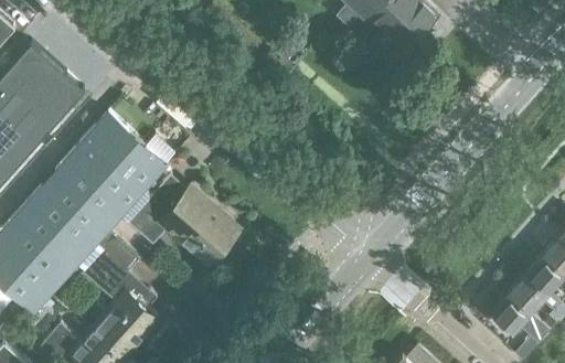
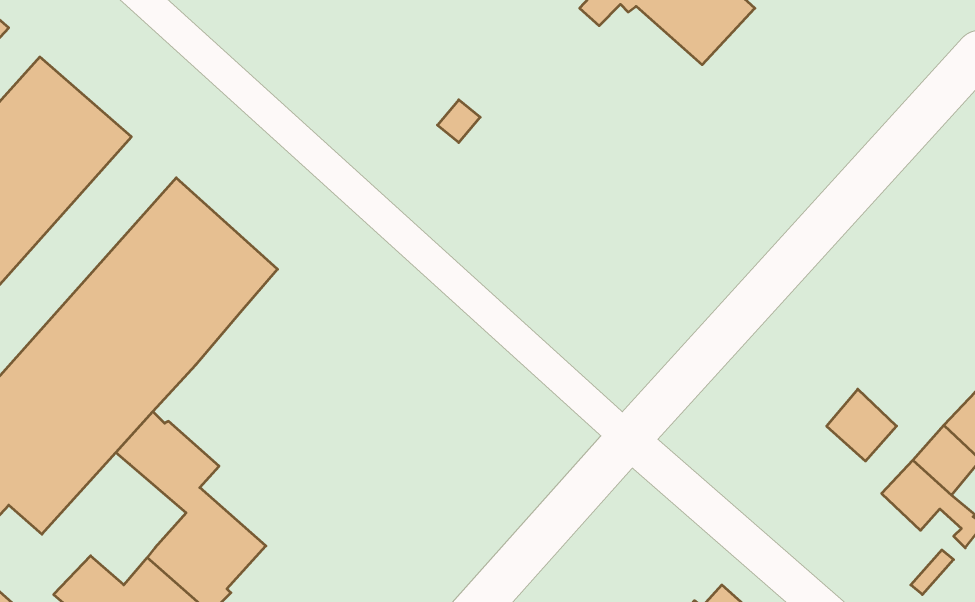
building: [120,186,241,266] -> none
building: [491,291,531,332] -> [827,389,897,461]

